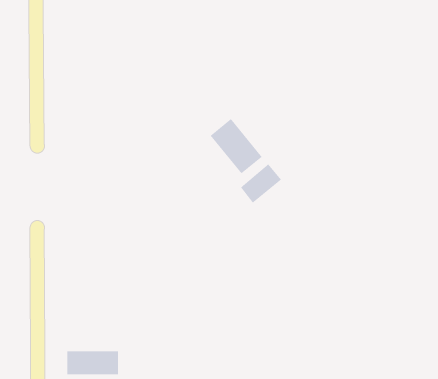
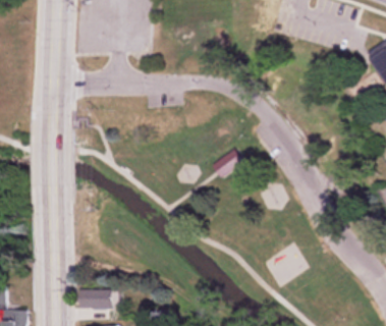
building: [210,118,262,174] -> none

